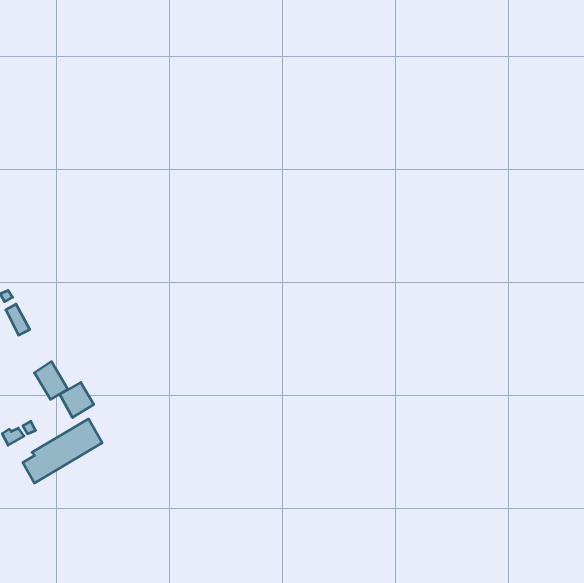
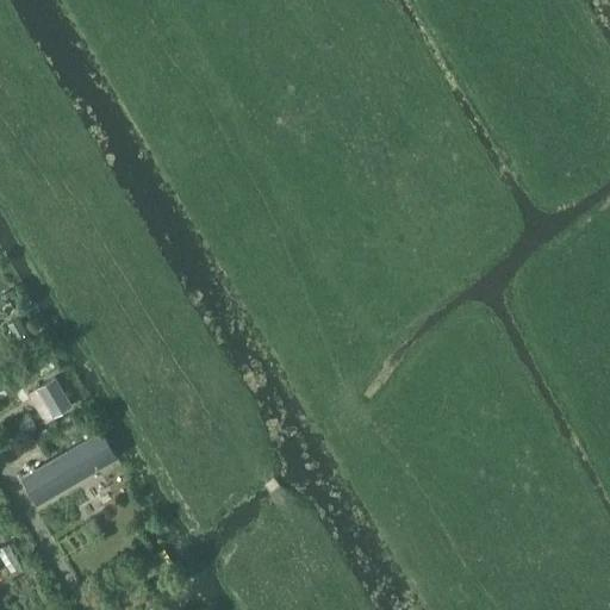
building: [60,382,94,418] -> none

